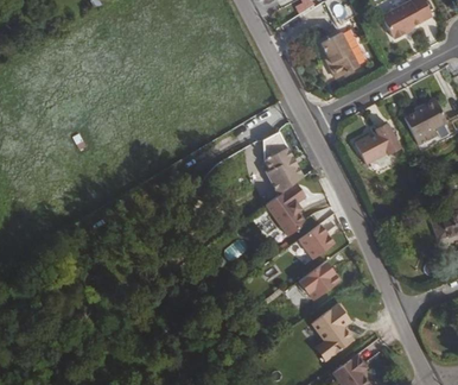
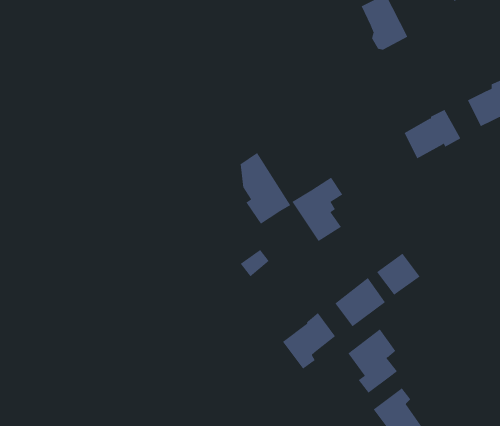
building: [263,132,305,190] -> [240,152,291,224]
building: [298,225,333,259] -> [376,253,420,296]
building: none -> [282,312,336,370]

